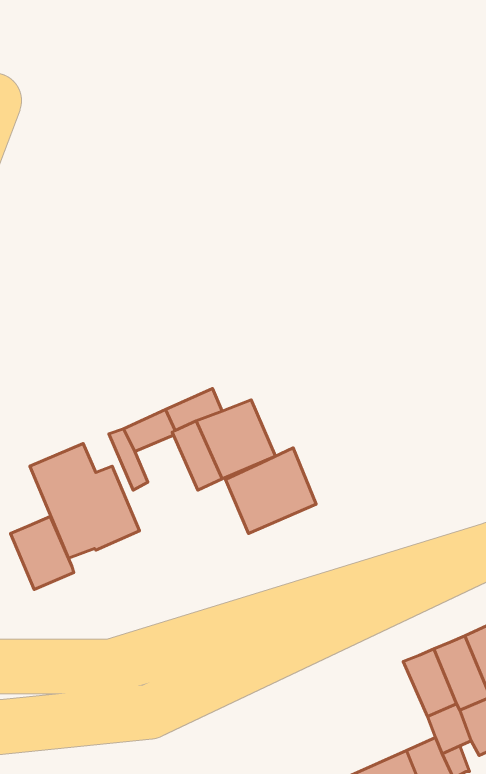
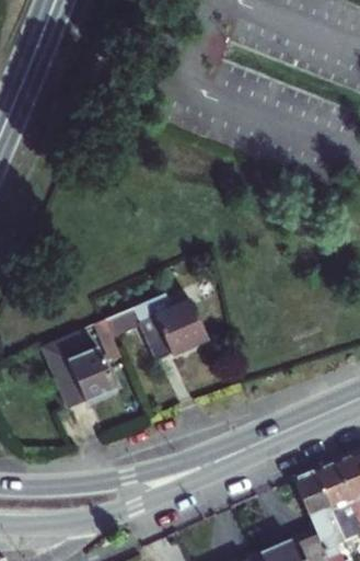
building: [225,448,316,533] -> none
building: [10,516,74,589] -> none

